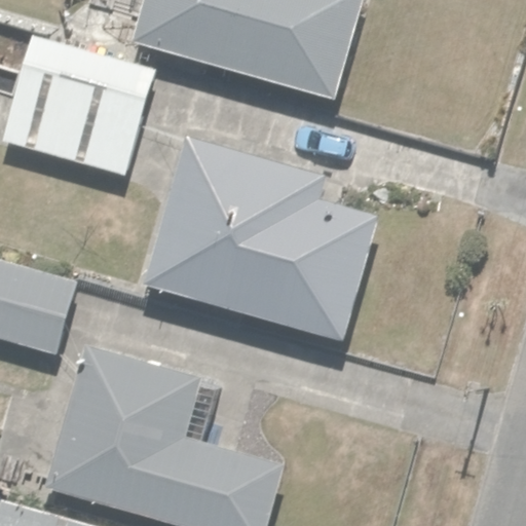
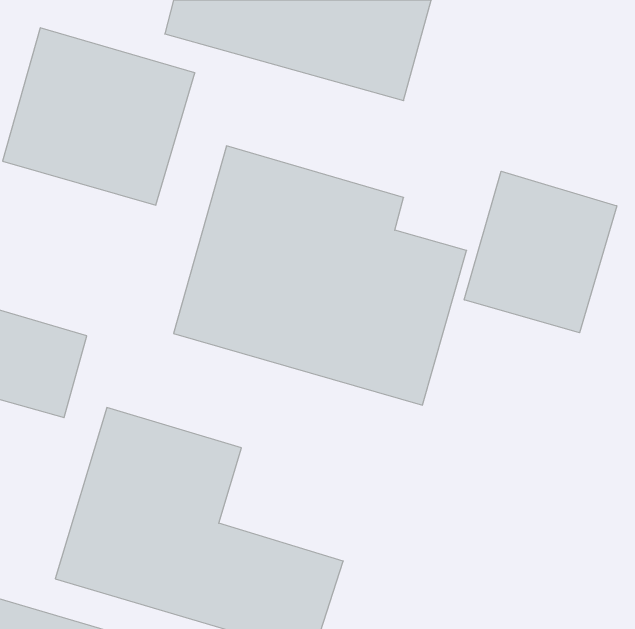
building: none -> [464,171,617,333]

